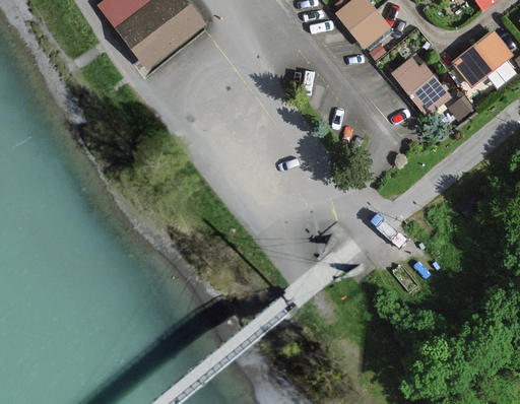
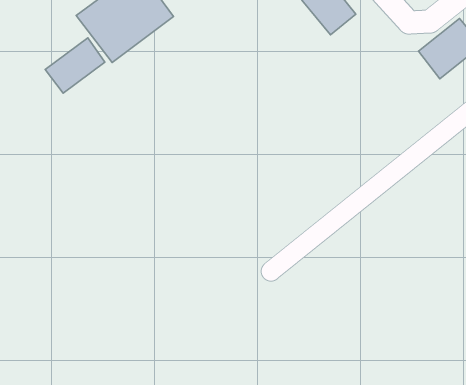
building: none -> [45,38,105,93]
building: [390,56,452,118] -> none

